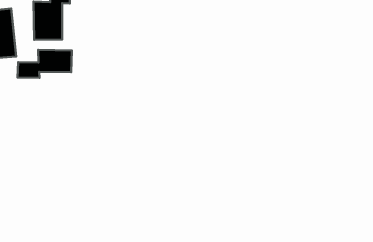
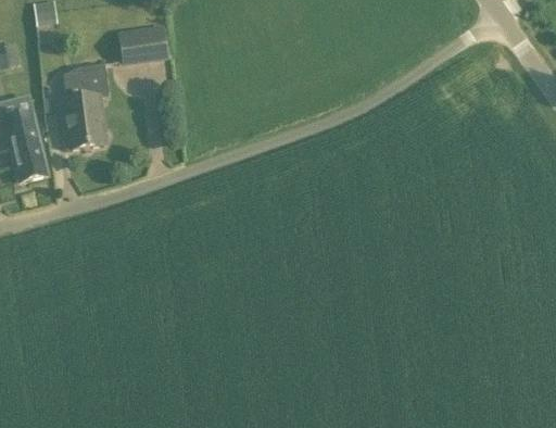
building: [18,50,72,78] -> none

